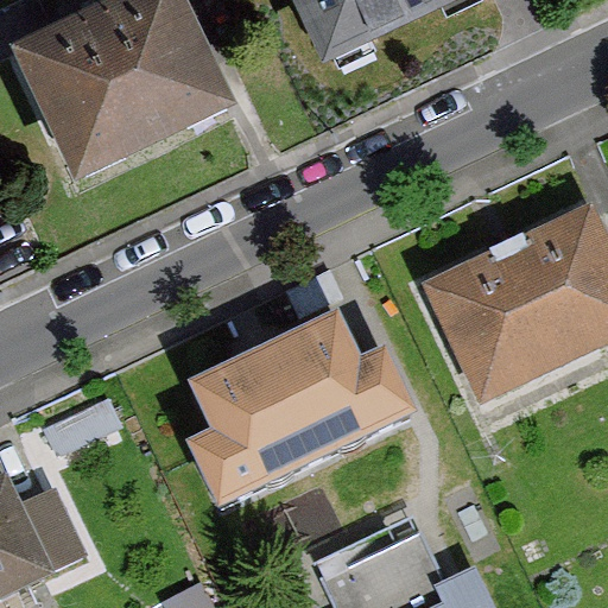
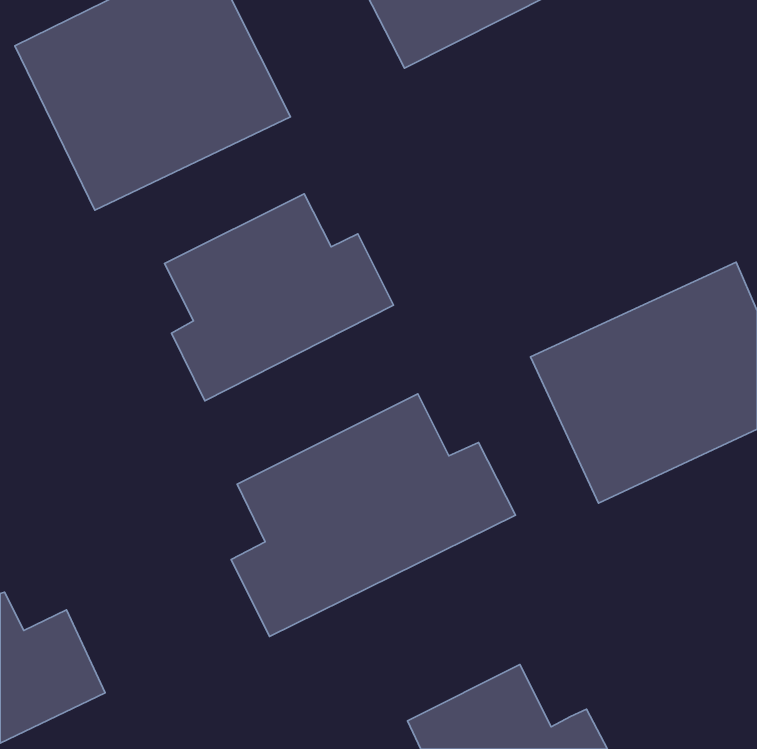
building: none -> [165,194,394,401]

